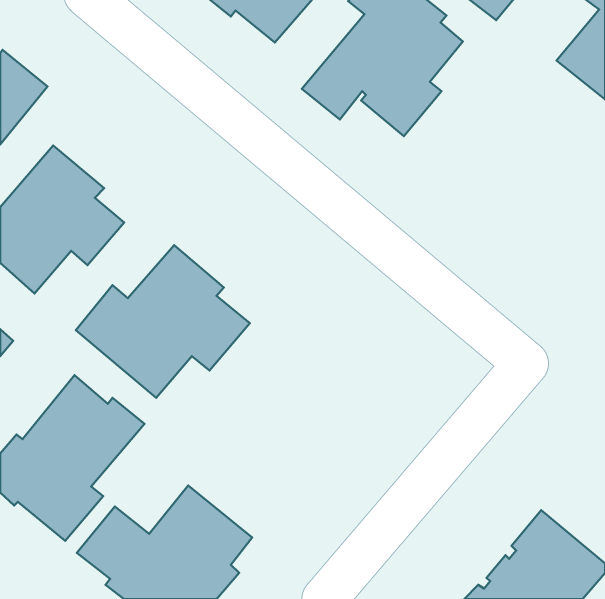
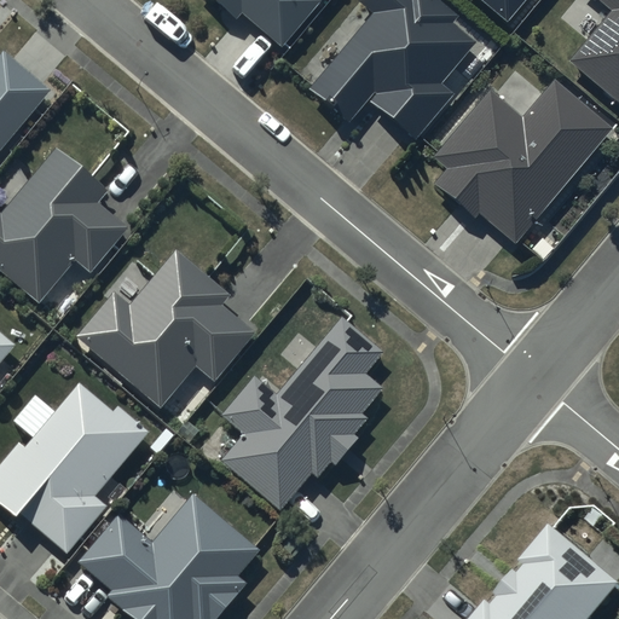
building: none -> [434,81,611,242]
building: none -> [221,317,383,510]

